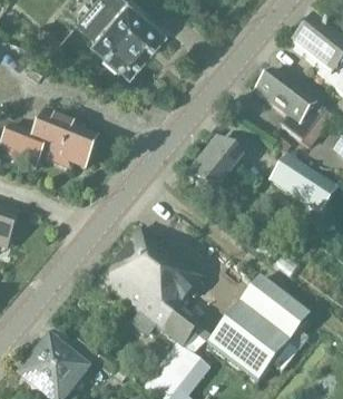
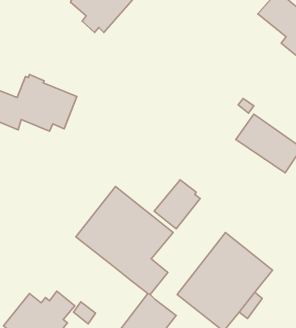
building: [255,67,325,139] -> none
building: [189,138,238,191] -> [154,180,200,229]

